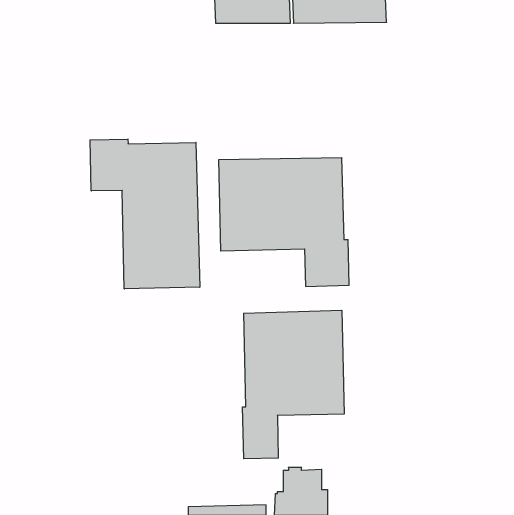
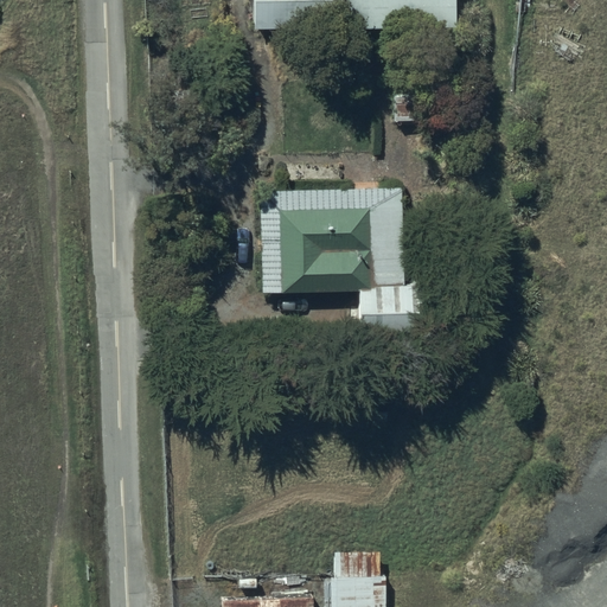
building: [90,139,200,289] -> none
building: [243,310,344,459] -> none

